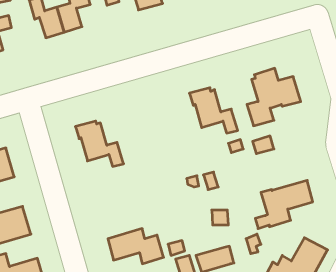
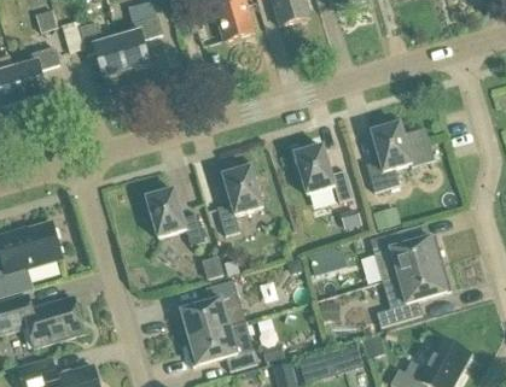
building: none -> [216,160,262,235]
building: none -> [370,231,443,278]
building: none -> [175,280,244,339]

